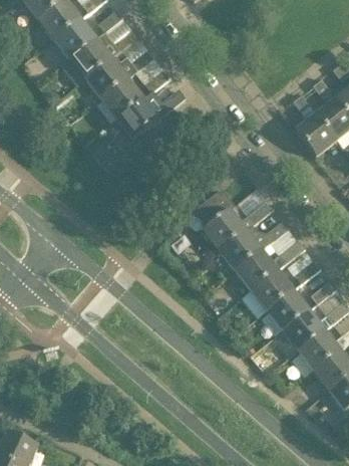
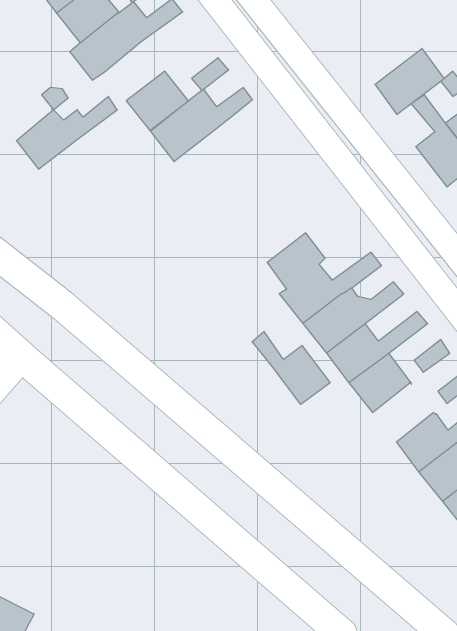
building: [85,49,153,98] -> [16,96,117,169]
building: none -> [375,48,444,115]
building: none -> [252,331,330,404]
building: [267,289,310,329] -> none

